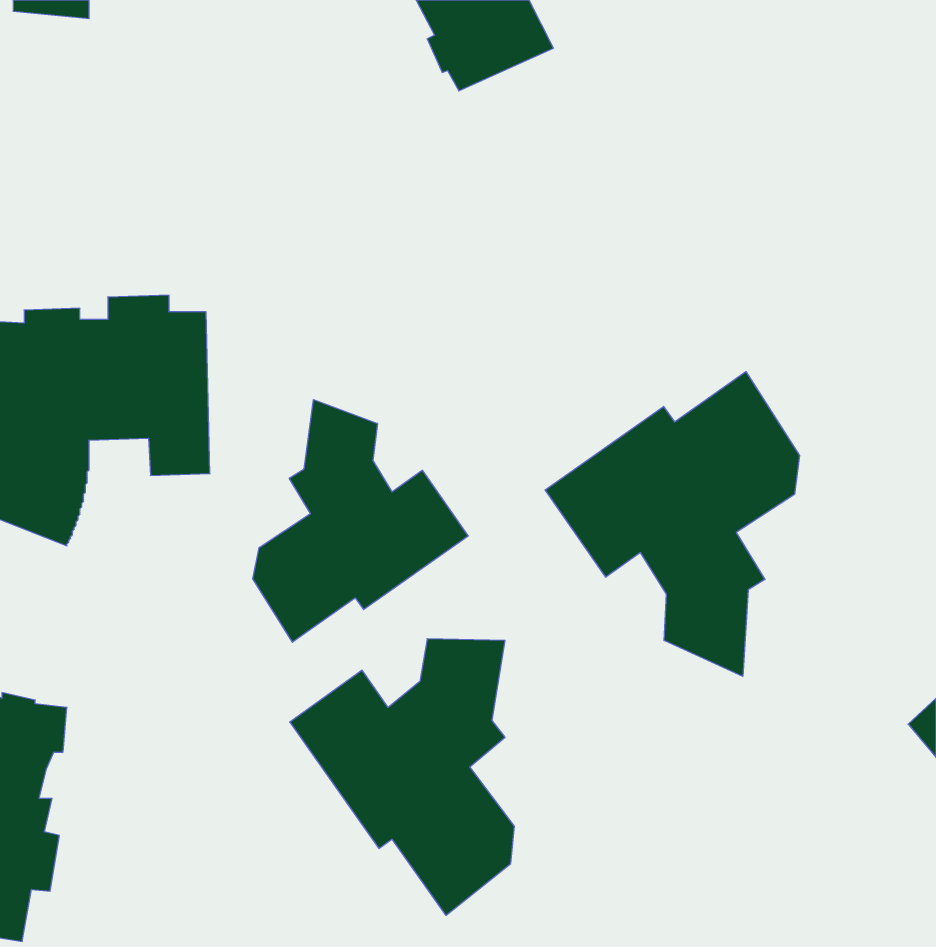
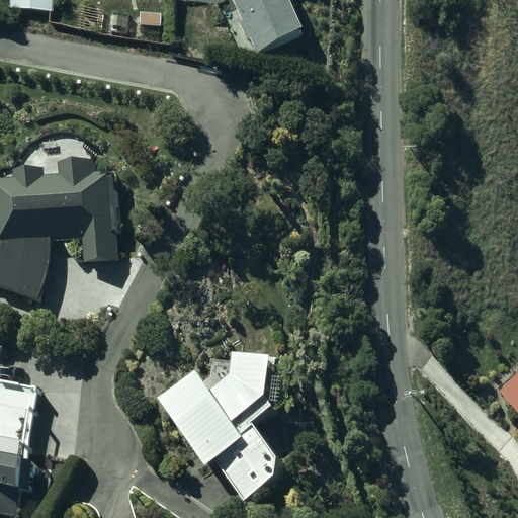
building: [545,372,799,676] -> none
building: [253,400,468,642] -> none

